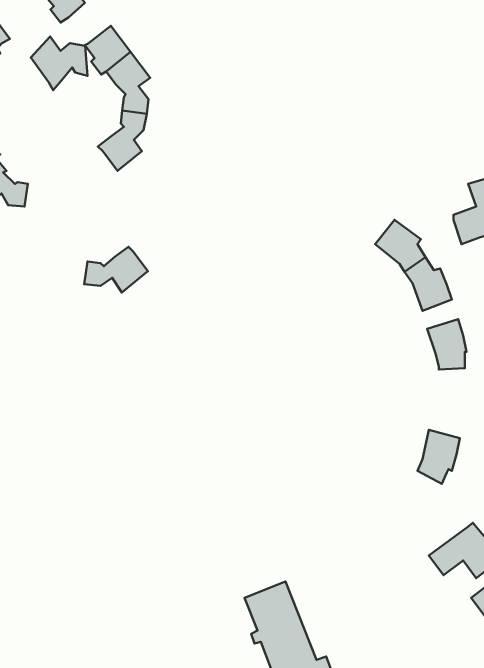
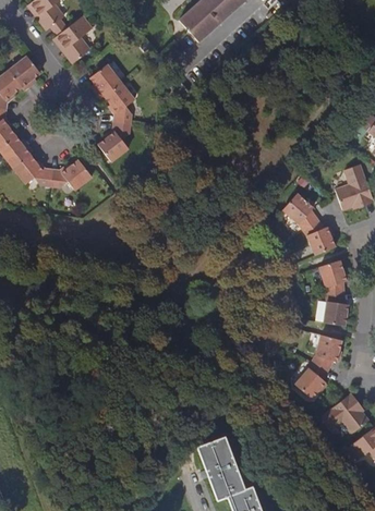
building: [31,37,87,90] -> none
building: [84,247,148,292] -> [49,160,92,191]
building: none -> [324,293,346,327]
building: none -> [293,362,328,399]

